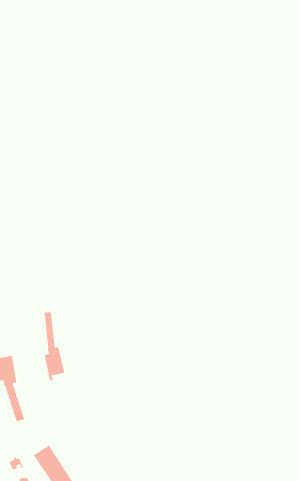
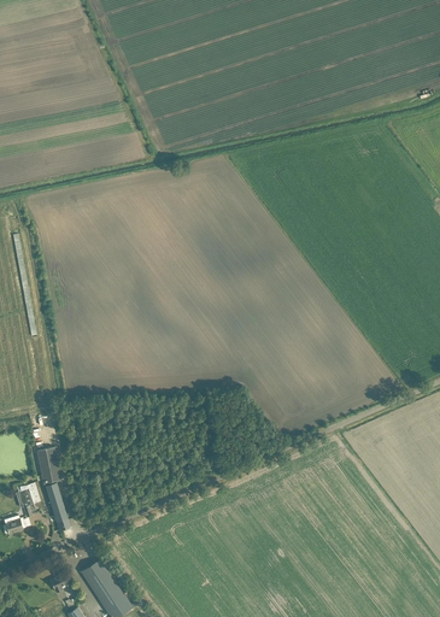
building: [44,311,65,381] -> none

